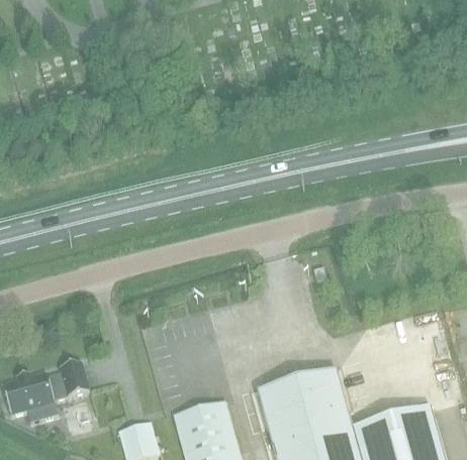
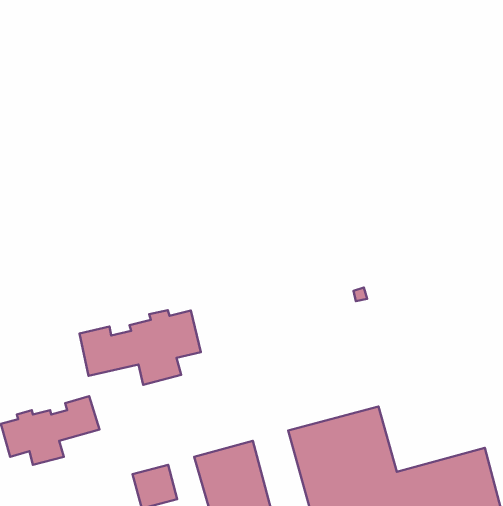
building: none -> [80,310,201,385]

